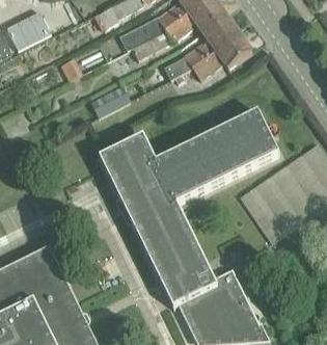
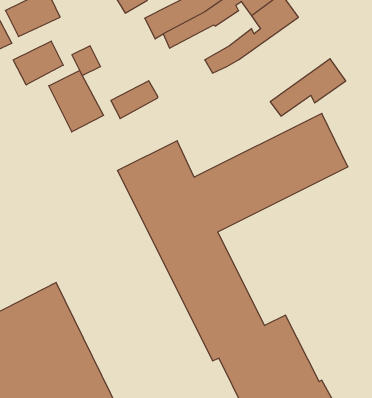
building: [193,33,253,79] -> [270,59,346,116]
building: none -> [13,41,63,85]
building: none -> [49,70,104,132]

